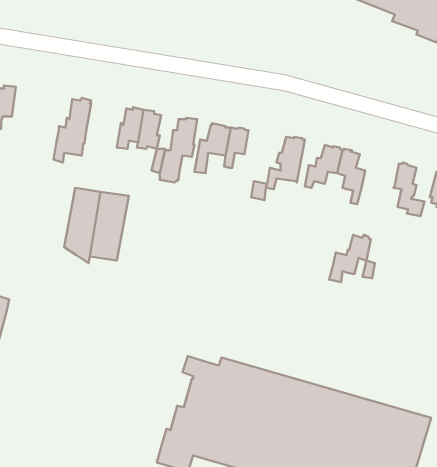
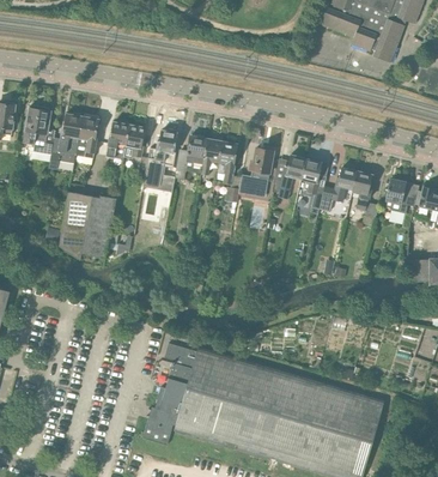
building: none -> [23,107,54,152]
building: none -> [78,114,99,157]
building: none -> [217,140,238,183]
building: [329,235,371,282] -> [320,167,357,209]

